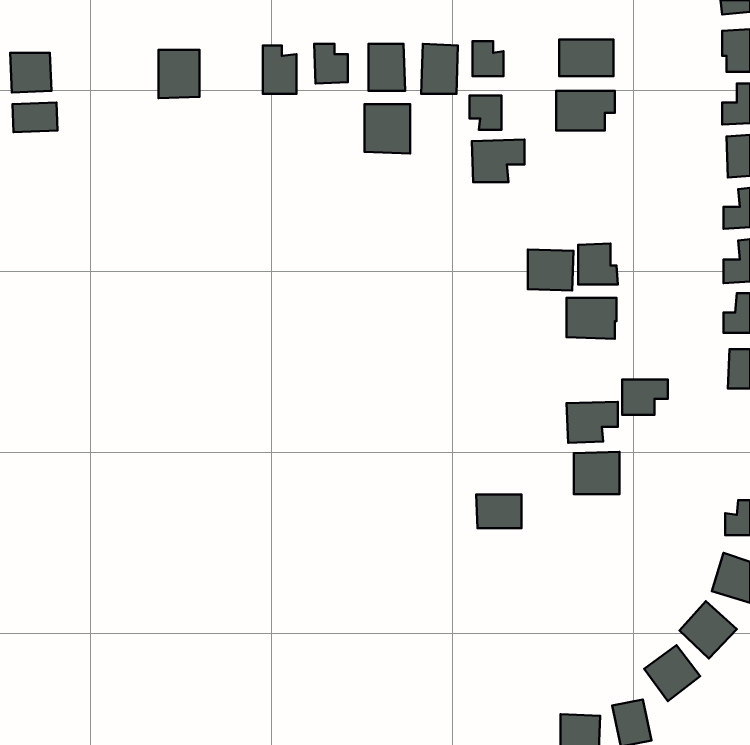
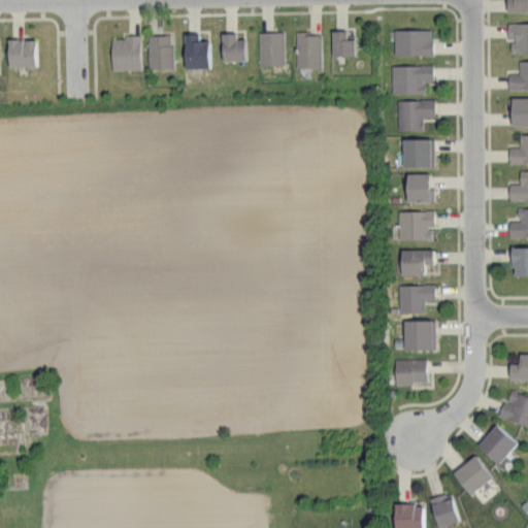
building: none -> [148,36,173,70]
building: [469,96,501,130] -> none
building: [12,102,58,132] -> none
building: [364,104,410,153] -> none
building: [472,140,525,182] -> [397,101,434,131]
building: [528,249,573,291] -> [402,139,434,168]
building: [622,380,668,415] -> [401,252,433,276]
building: [476,494,522,528] -> [394,361,426,385]

